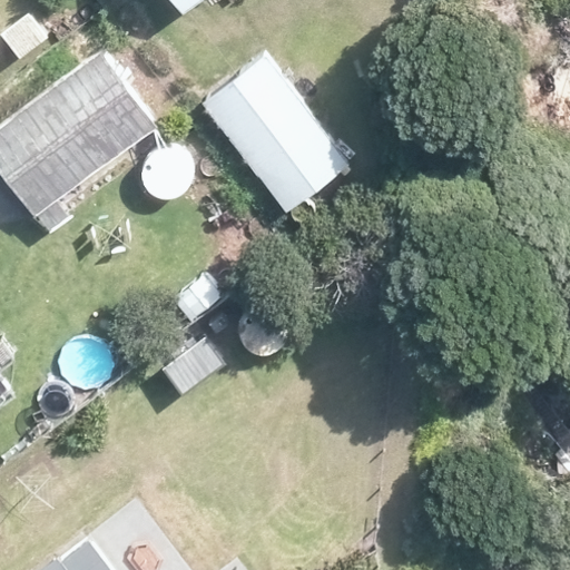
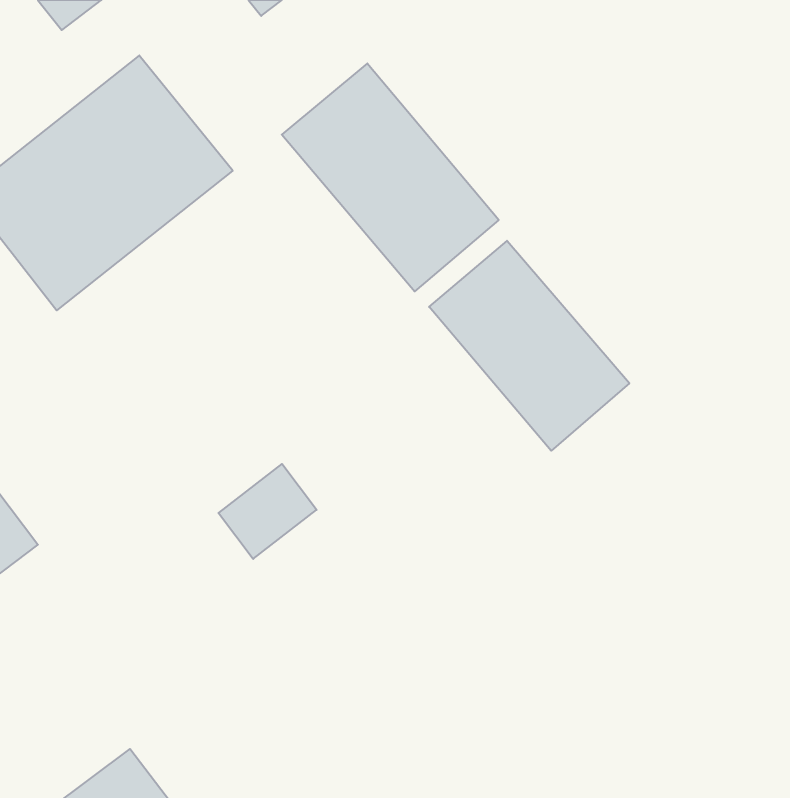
building: none -> [429,241,629,451]

